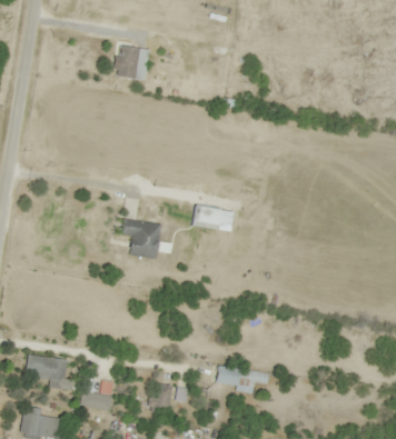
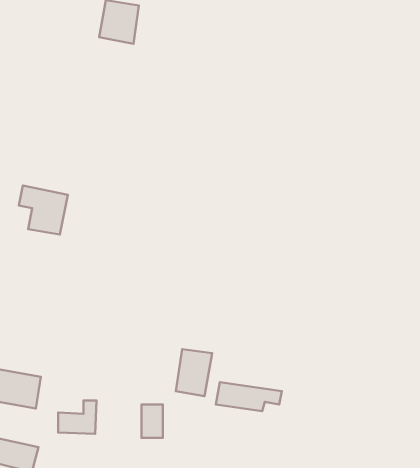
building: [192,207,219,228] -> none
building: [120,217,161,258] -> [19,185,68,235]
building: none -> [176,349,212,396]

